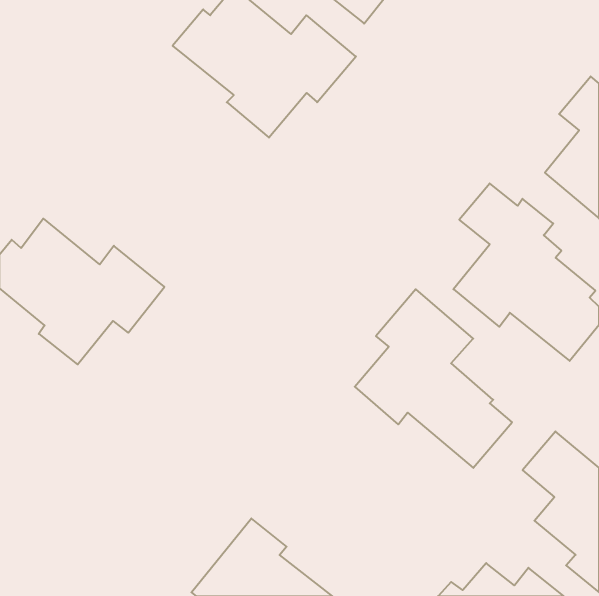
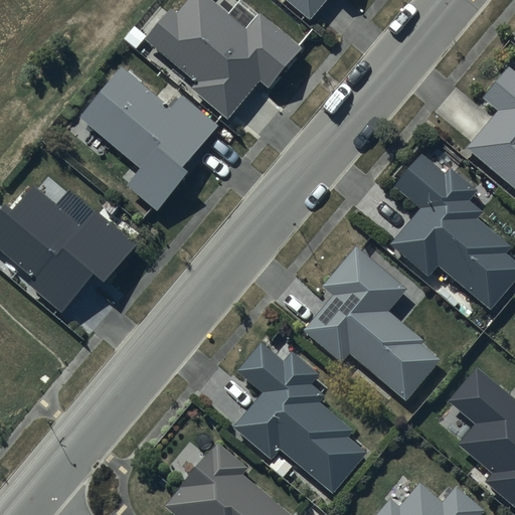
building: none -> [82,66,219,212]
building: none -> [233,343,363,493]

